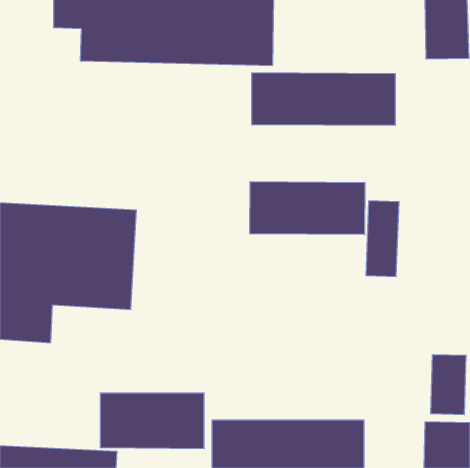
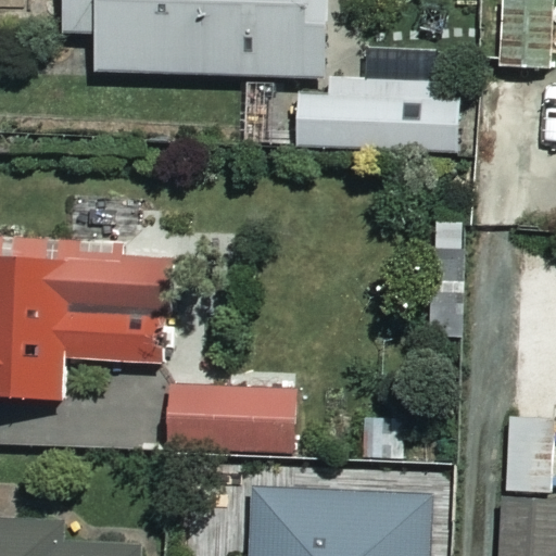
building: [250,182,365,235] -> none
building: [100,393,204,448] -> [169,386,292,451]

